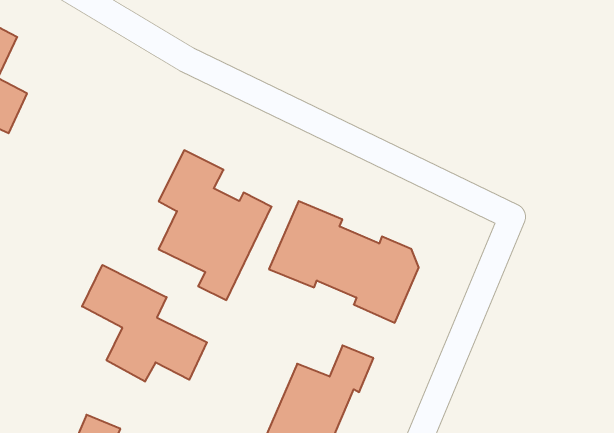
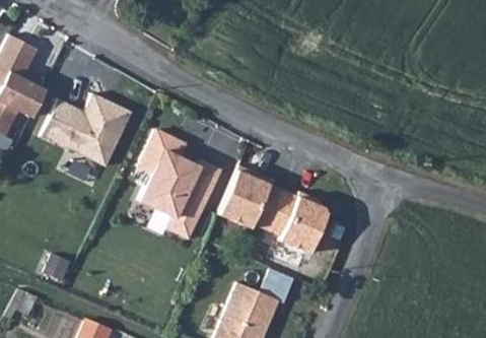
building: none -> [42,92,132,165]
building: [82,265,207,382] -> none

